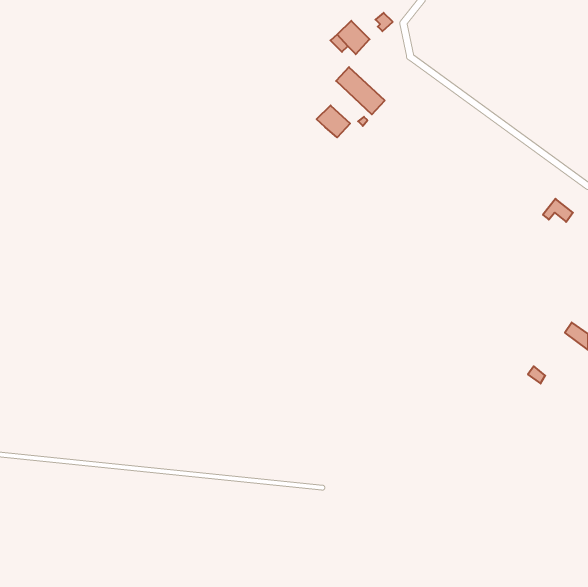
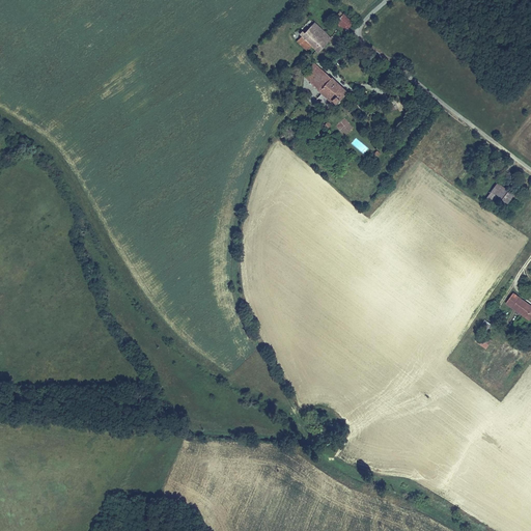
building: [317,105,350,137] -> none

